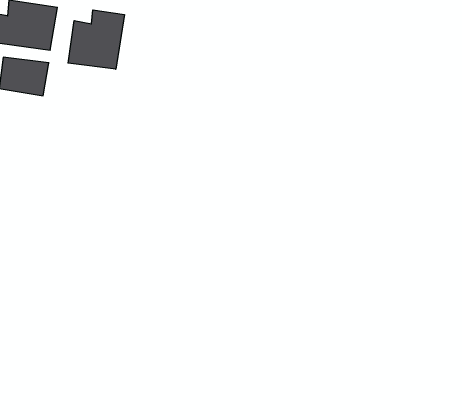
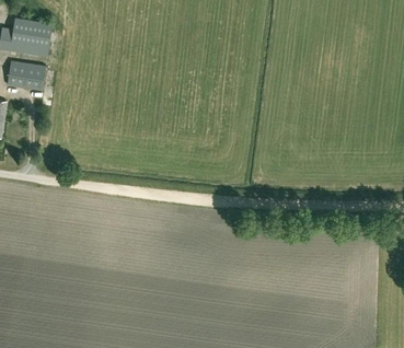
building: [68,10,124,69] -> none

